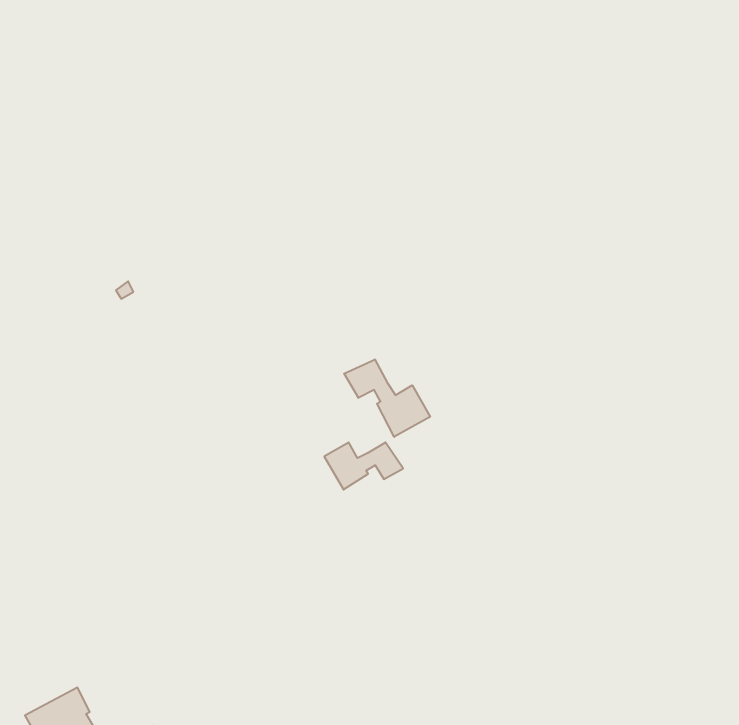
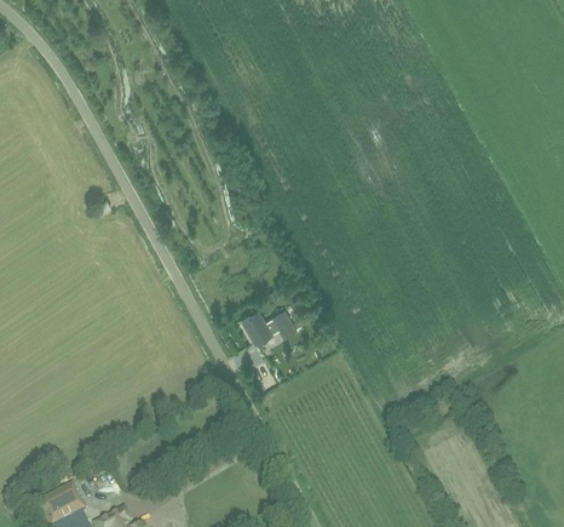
building: [344,359,430,437] -> none

